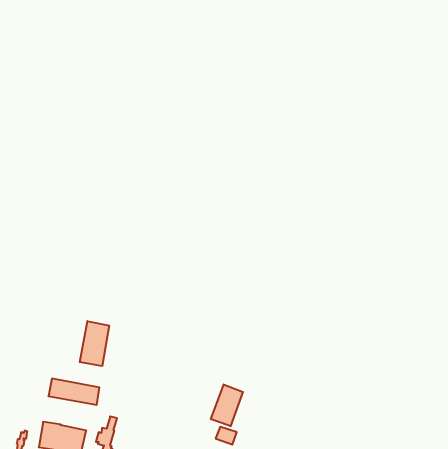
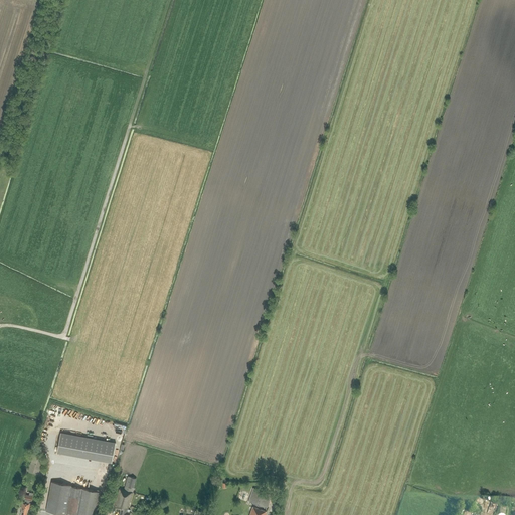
building: [80,321,109,366] -> none
building: [211,384,243,426] -> none

